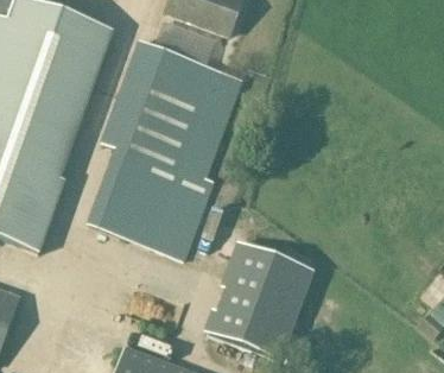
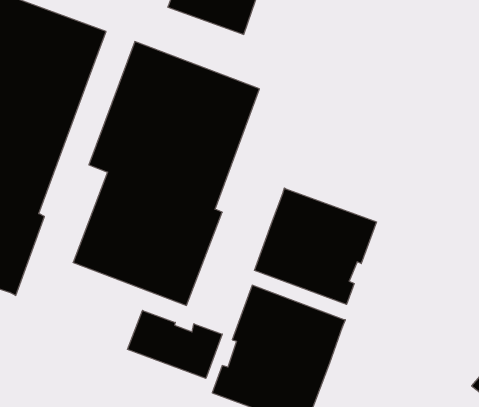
building: none -> [255,188,377,304]
building: none -> [127,310,222,378]

